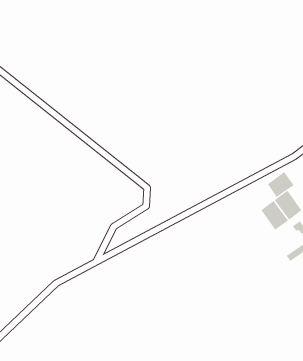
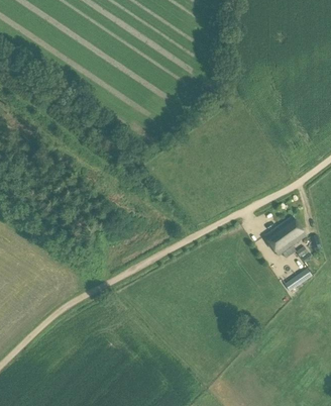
building: [267,171,294,198] -> none

